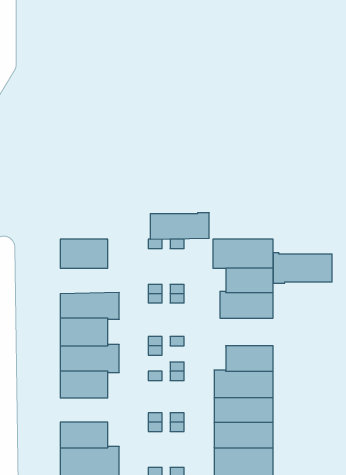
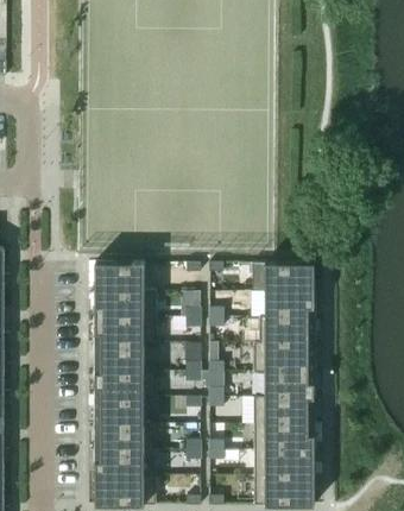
building: [150,213,209,239] -> [94,291,154,318]
building: [273,253,332,283] -> [252,342,313,373]
building: none -> [94,424,149,452]

